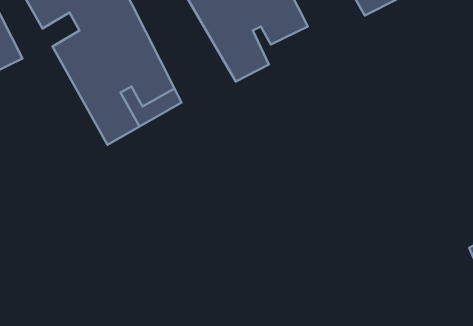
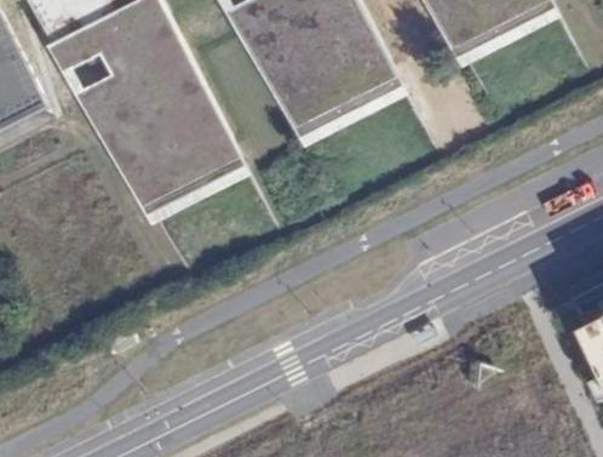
building: none -> [322,68,397,114]

